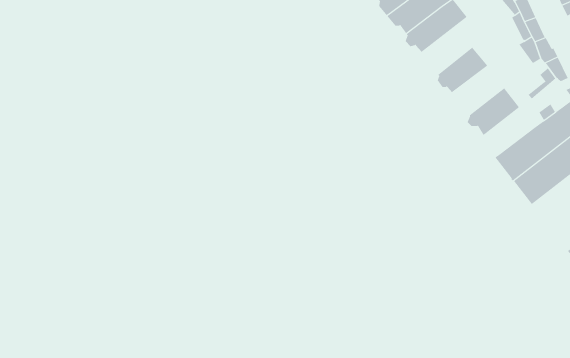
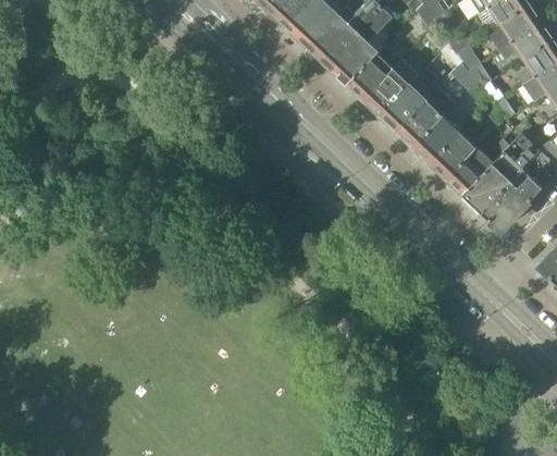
building: none -> [382,66,443,130]
building: none -> [414,114,460,161]
building: none -> [448,147,493,192]

